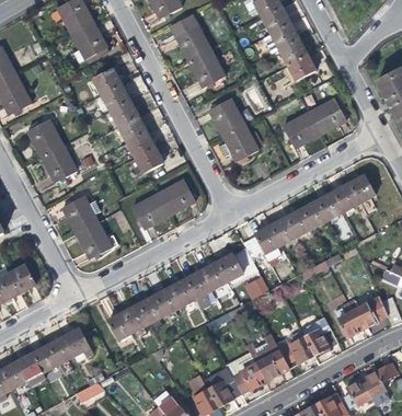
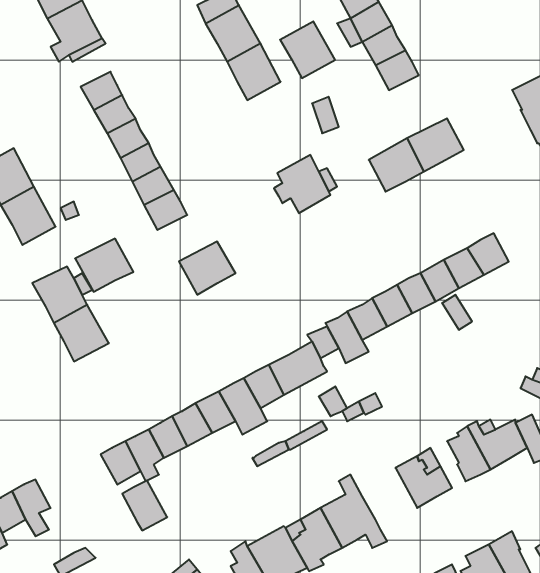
building: [208,99,244,136] -> [280,21,335,78]
building: [131,194,170,229] -> [75,239,133,292]
building: [64,328,93,361] -> [122,480,167,530]
building: [278,330,315,365] -> none

